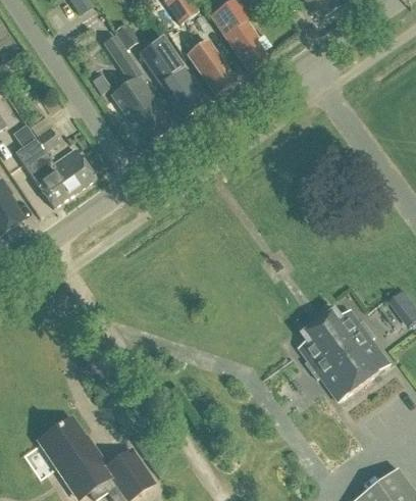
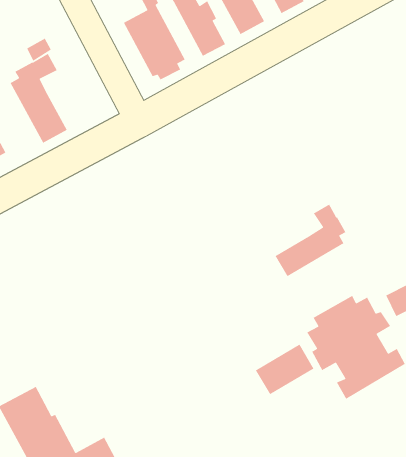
building: [52,147,94,192] -> none
building: none -> [275,203,347,277]
building: none -> [255,343,315,395]

